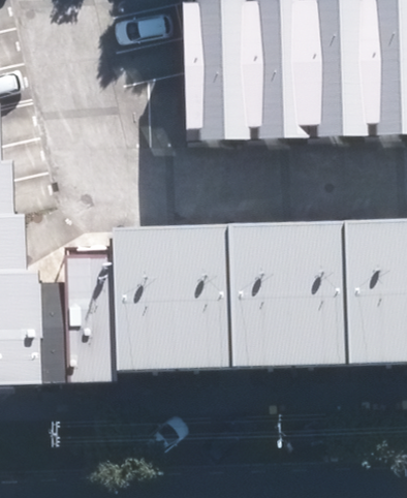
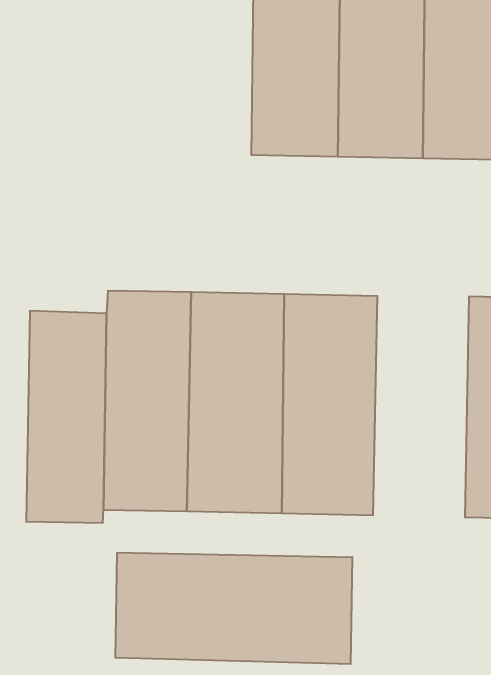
building: [283,222,346,364] -> none
building: none -> [115,553,352,664]

